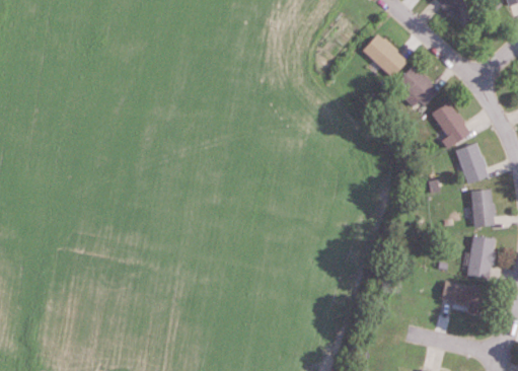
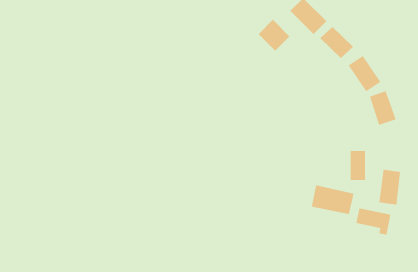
building: none -> [258,19,290,52]
building: [473,191,493,226] -> [350,150,366,180]
building: none -> [311,185,354,215]

